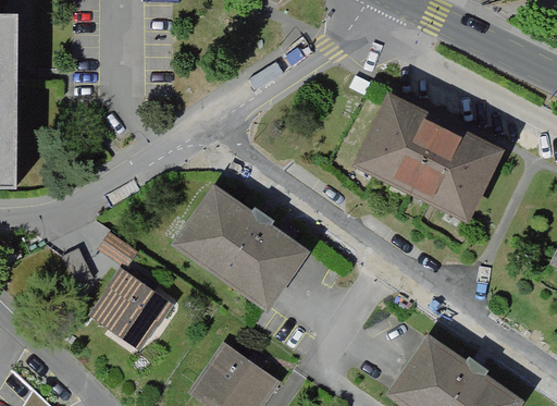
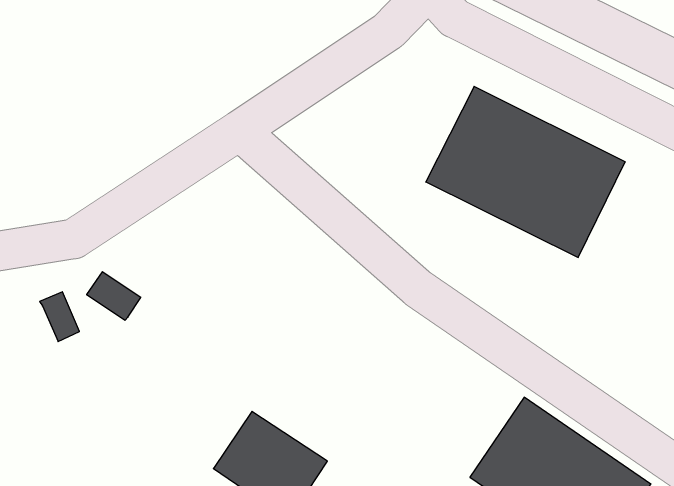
building: [170,188,310,316] -> none
building: [86,271,171,353] -> none

